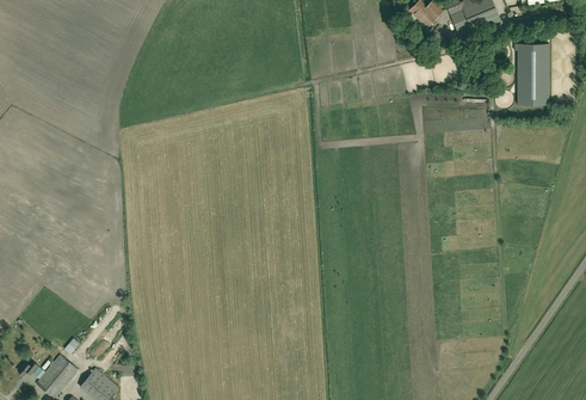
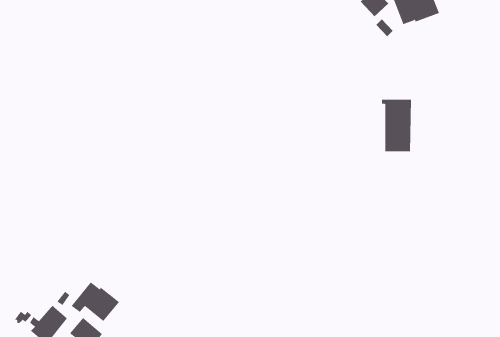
building: [514,44,549,104] -> [381,99,412,152]
building: none -> [71,282,120,322]

